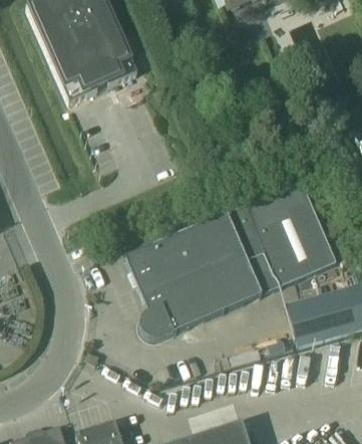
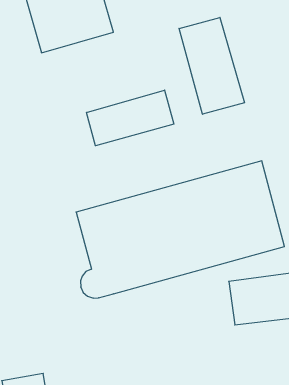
building: none -> [179,17,244,114]
building: none -> [87,90,174,146]

